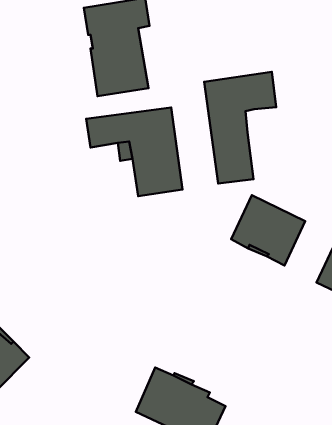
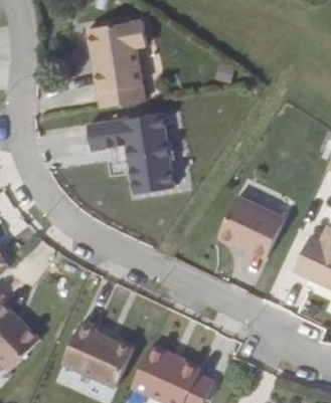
building: [204,72,276,183] -> none
building: none -> [62,322,133,386]

